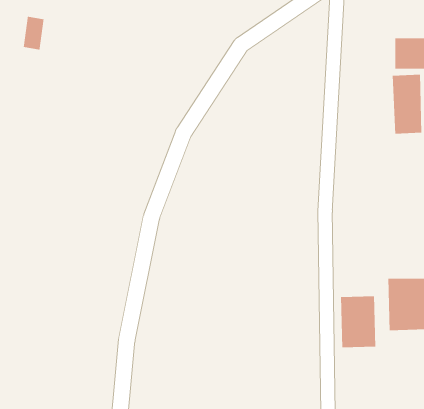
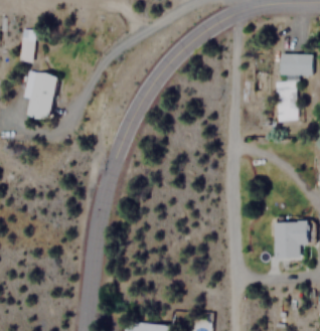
building: none -> [23,70,59,120]
building: [340,296,376,348] -> none

